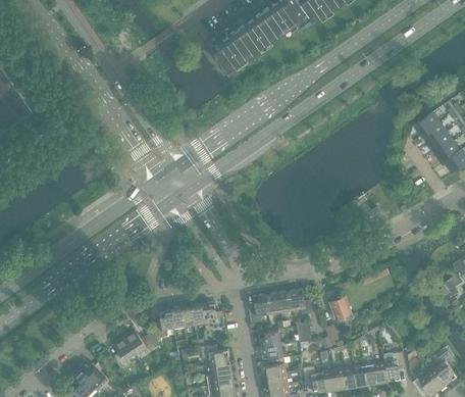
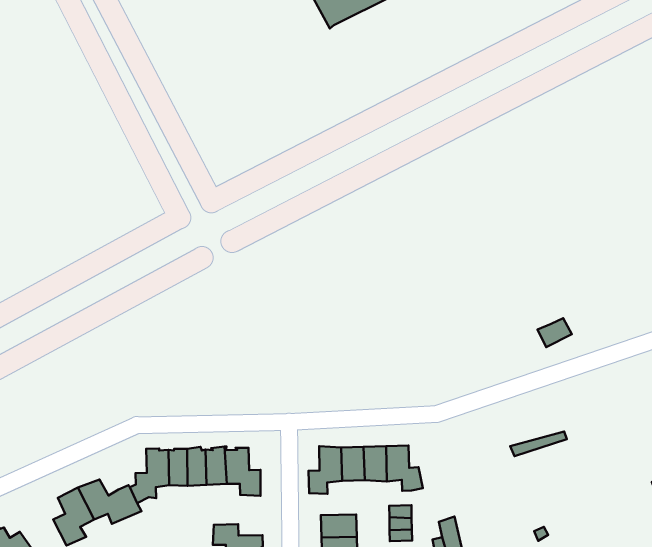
building: [328,297,357,321] -> none

